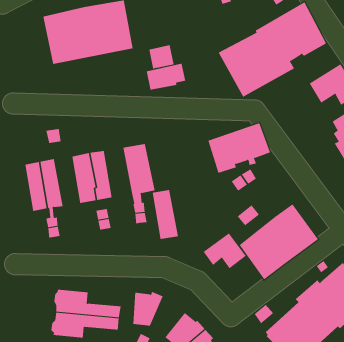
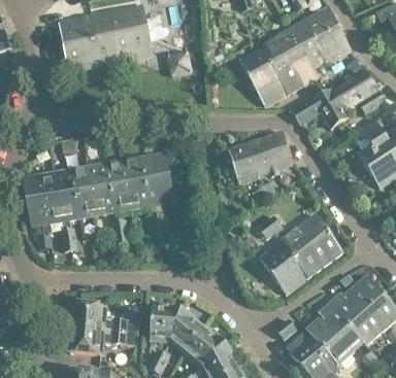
building: [146,63,186,91] -> none
building: none -> [292,90,348,128]
building: none -> [70,166,96,217]
building: none -> [23,174,52,249]
building: [152,190,179,240] -> [122,157,150,208]
building: [203,232,246,269] -> none
building: none -> [169,310,204,352]

